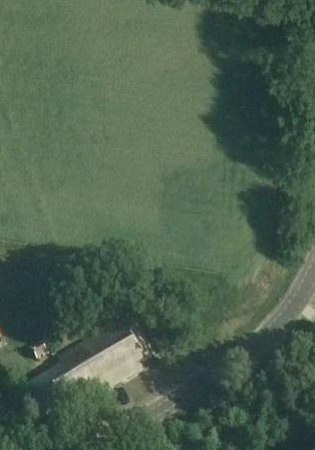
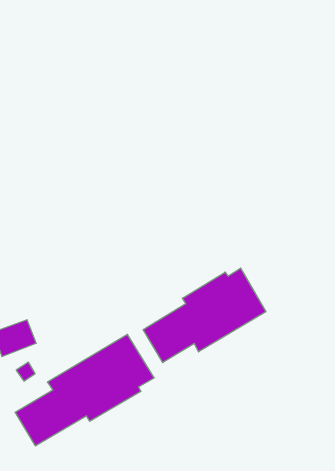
building: none -> [143,268,266,363]

